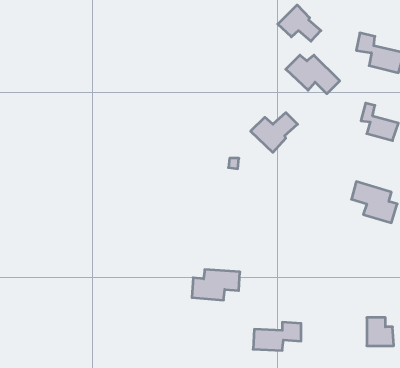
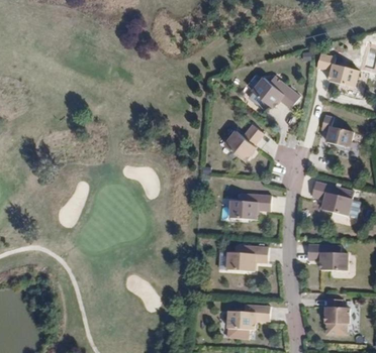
building: [278,5,321,41] -> none
building: none -> [228,193,271,219]
building: none -> [306,246,346,271]
building: [192,270,240,300] -> [226,245,268,271]

